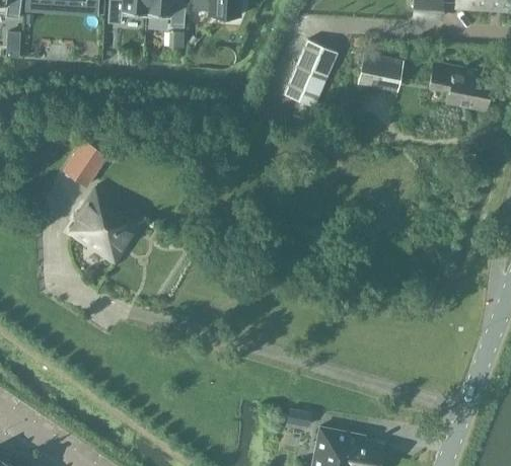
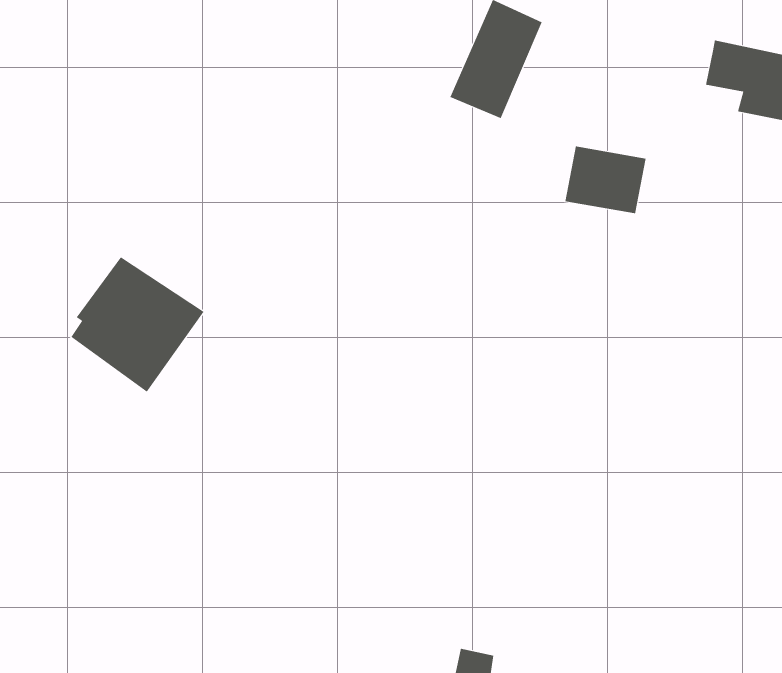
building: [357,53,404,91] -> [564,146,647,214]
building: [61,143,104,186] -> none

